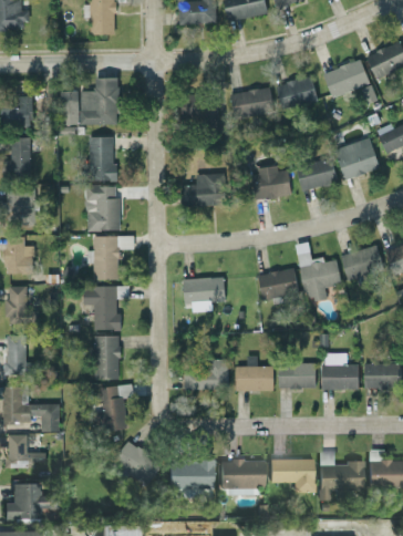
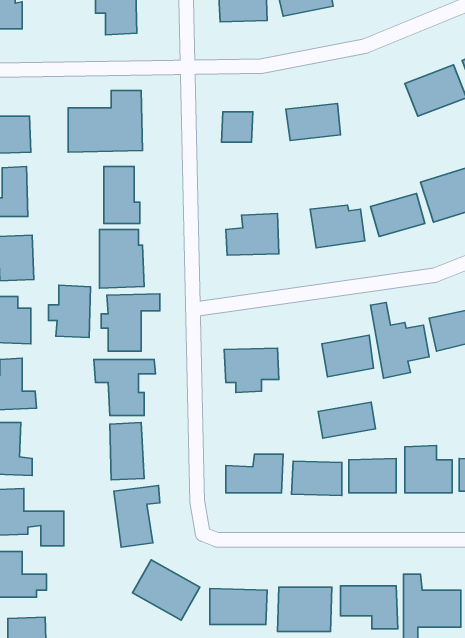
building: [276,76,317,109] -> none
building: none -> [49,285,91,338]
building: none -> [318,402,376,438]

